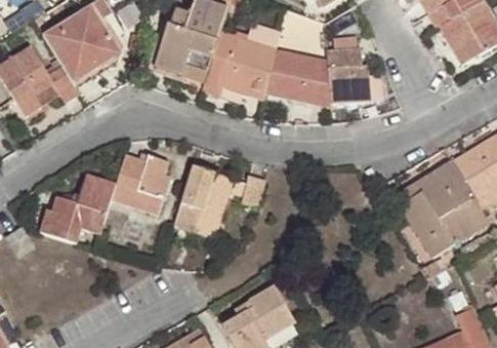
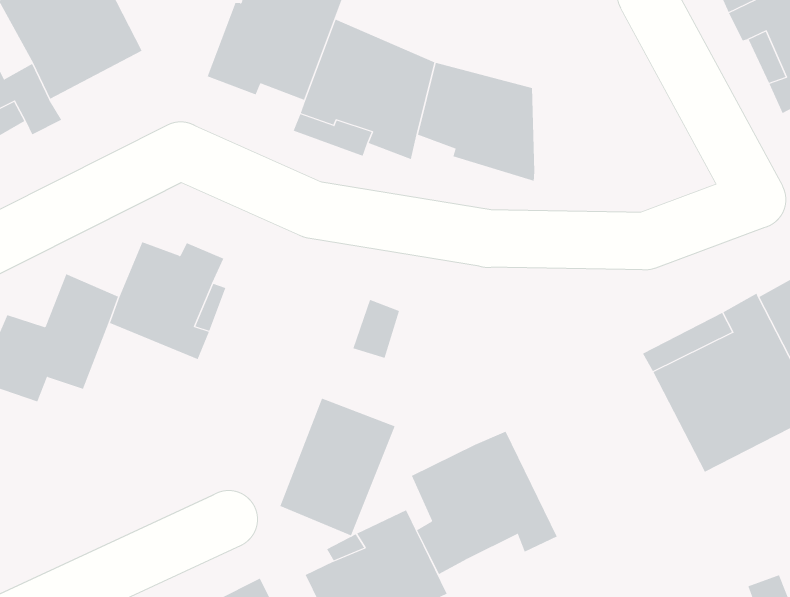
building: [326,38,371,104] -> none
building: [174,166,233,238] -> [279,398,396,536]
building: none -> [411,431,558,575]

